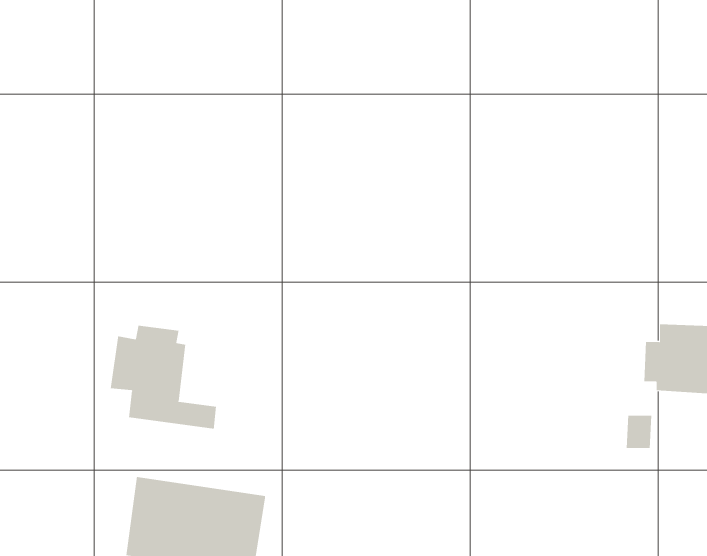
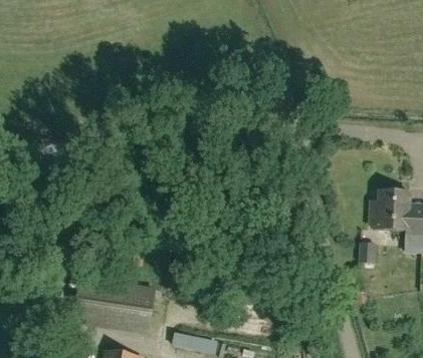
building: [110,325,217,429] -> none

